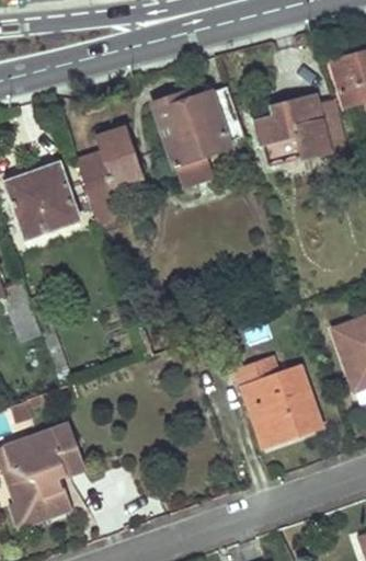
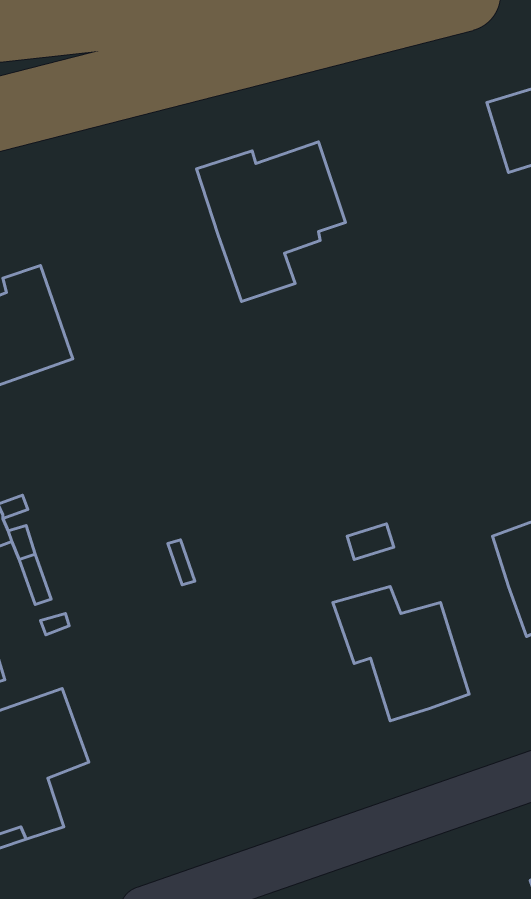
building: [254,99,341,164] -> none
building: [76,128,138,224] -> none

